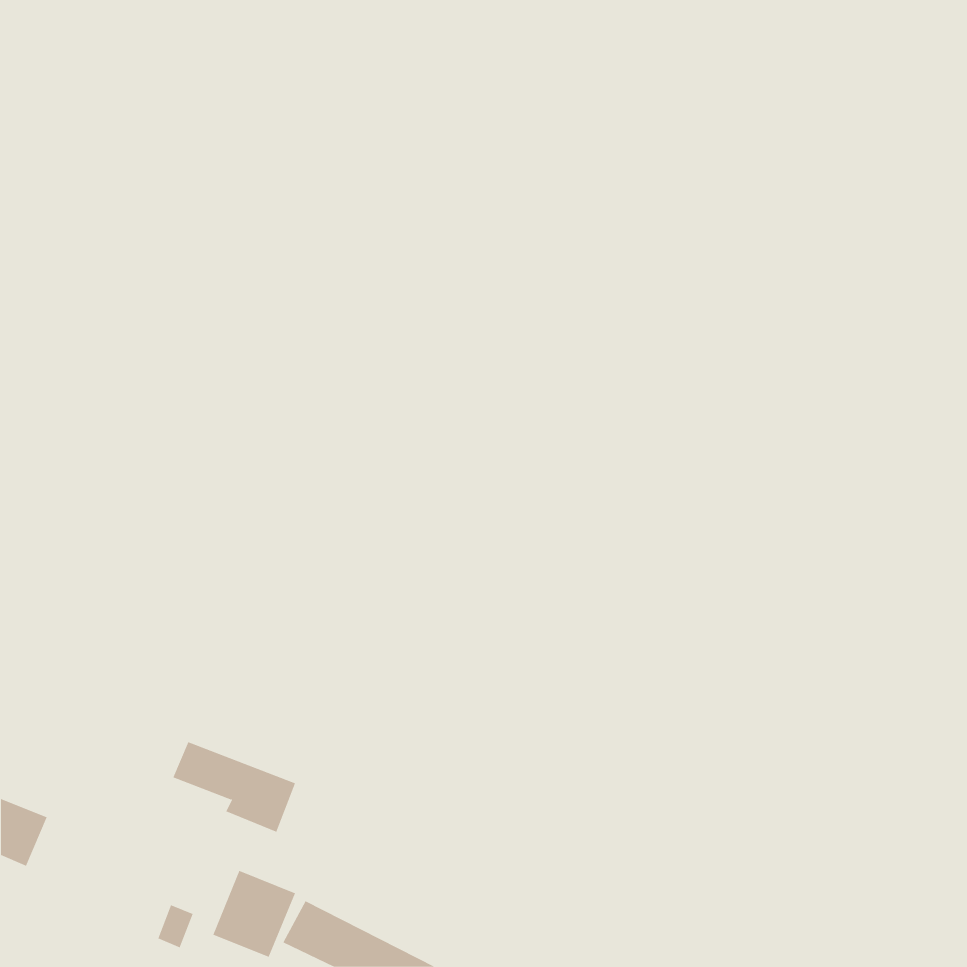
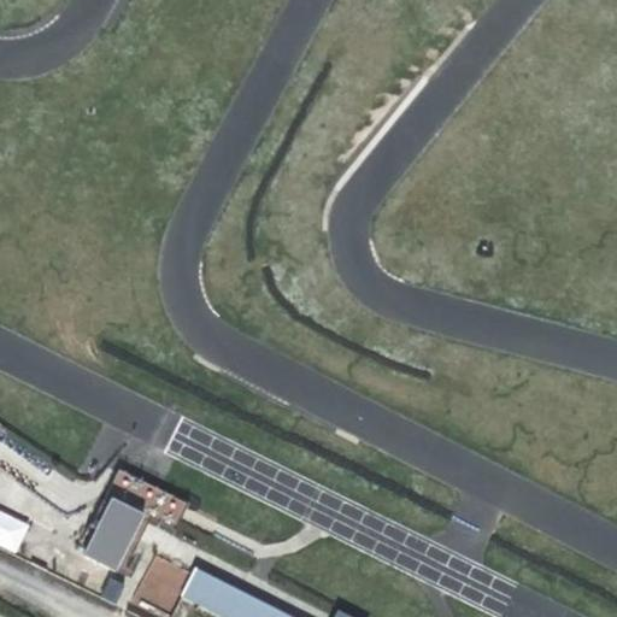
building: none -> [82,503,142,574]

